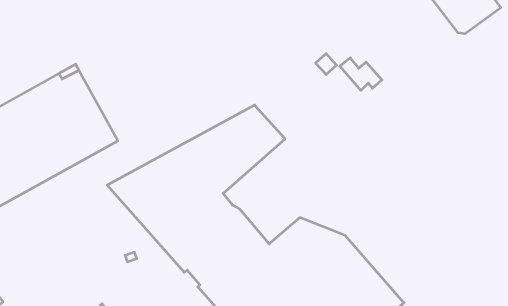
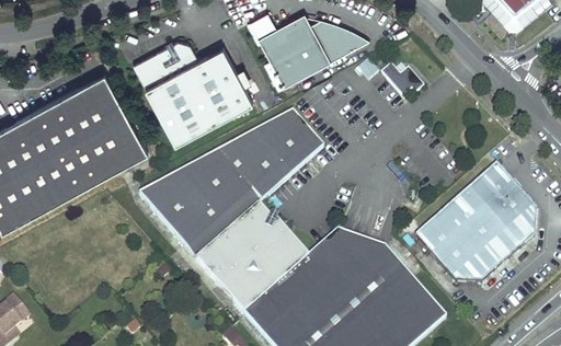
building: none -> [251,12,370,87]
building: none -> [134,41,253,145]
building: none -> [414,169,536,287]

